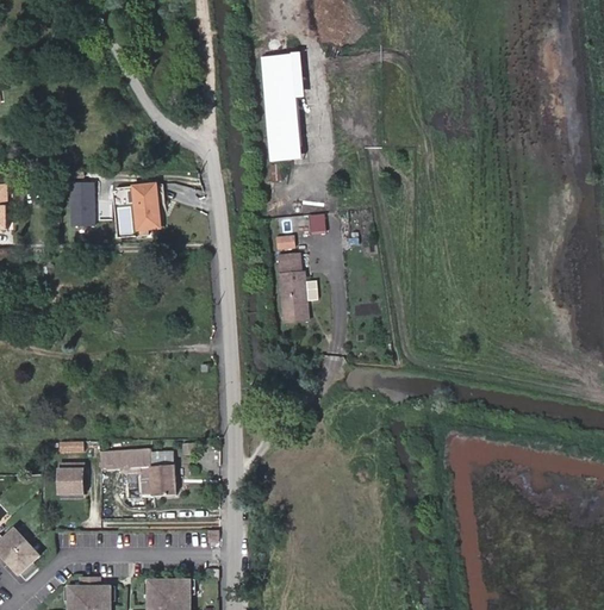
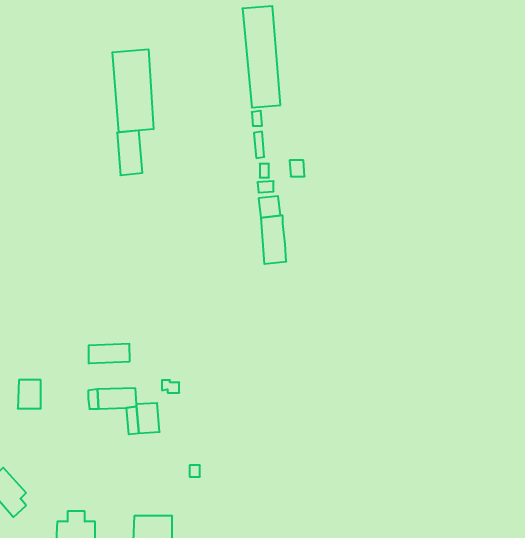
building: none -> [112,49,153,132]
building: [68,183,92,225] -> none
building: none -> [89,344,129,364]
building: [60,463,83,493] -> [18,380,41,409]

